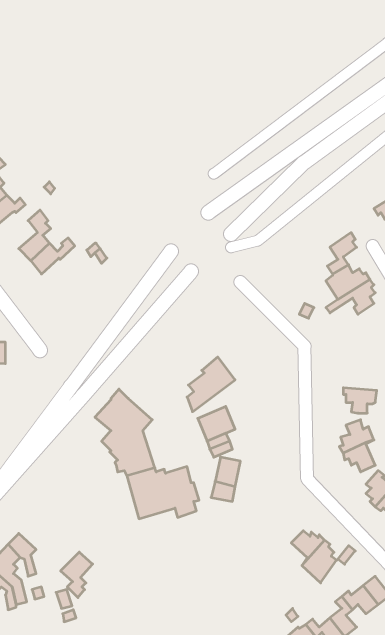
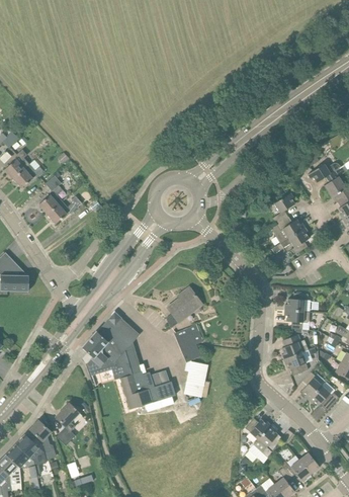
building: none -> [284,293,310,312]
building: none -> [82,331,113,375]
building: [61,552,93,598] -> [55,403,79,437]

